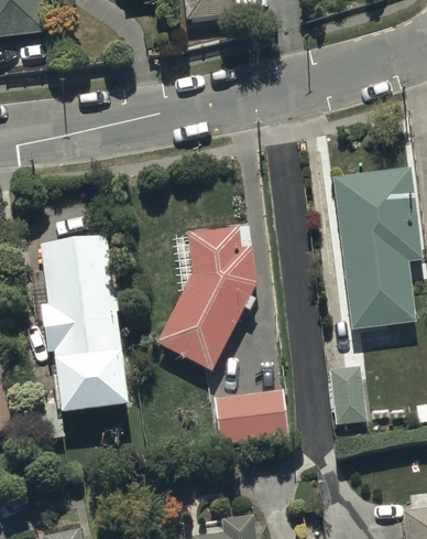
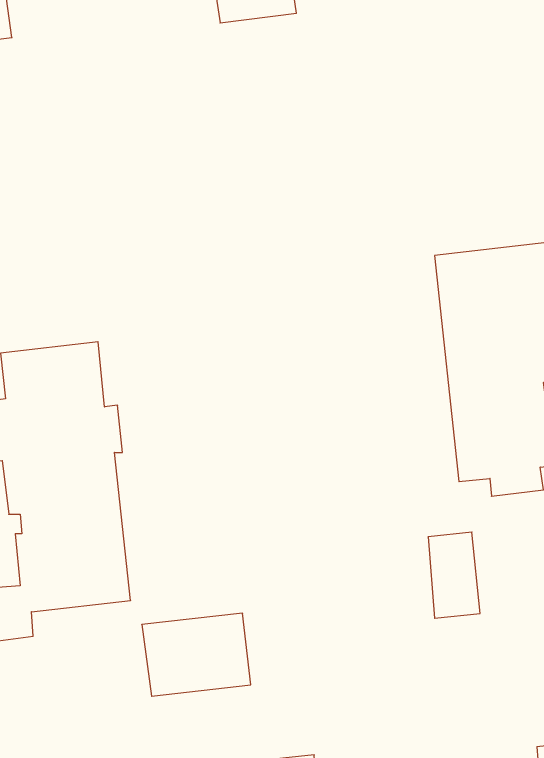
building: [156,225,255,370] -> none
building: [214,387,287,443] -> [142,613,251,696]

